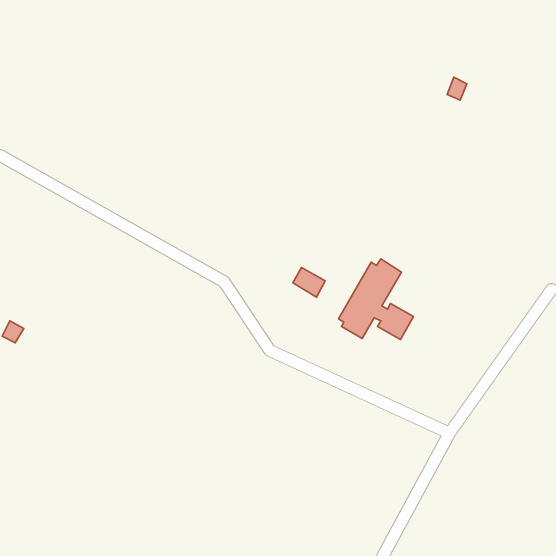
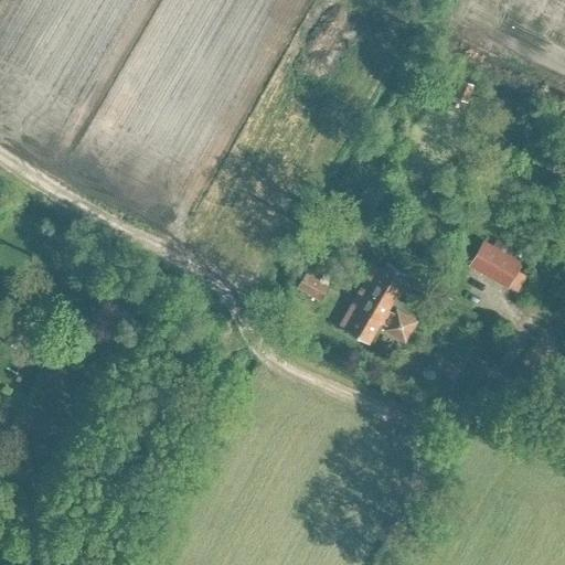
building: none -> [469,238,526,292]

